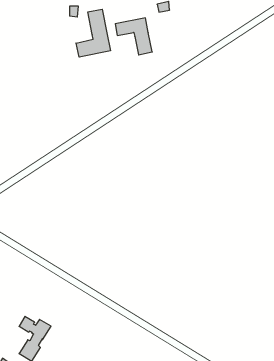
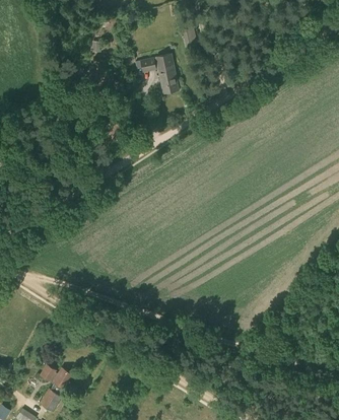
building: [76,9,110,57] -> none

